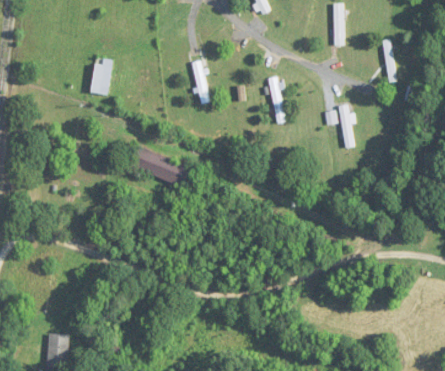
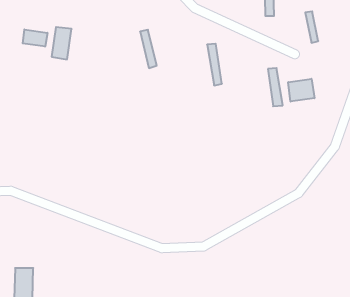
building: none -> [23,29,47,47]
building: none -> [288,79,314,102]
building: [130,146,196,189] -> none

